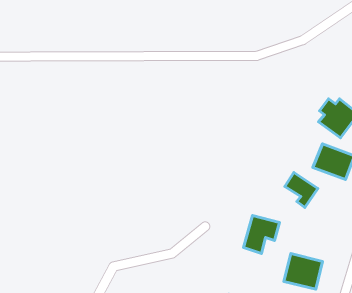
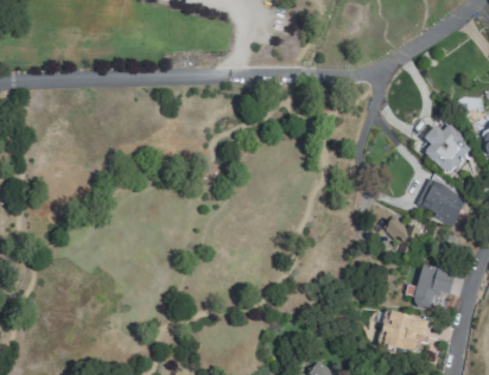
building: [244,215,279,253] -> [413,265,456,310]

